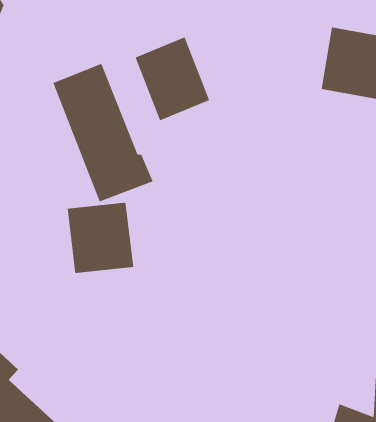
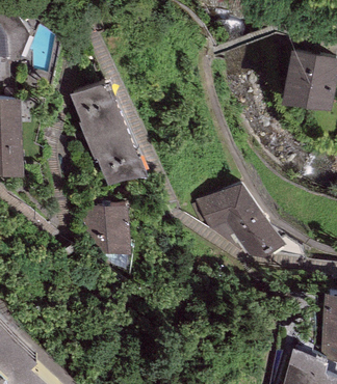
building: [135,37,210,121] -> none
building: none -> [196,173,286,258]

